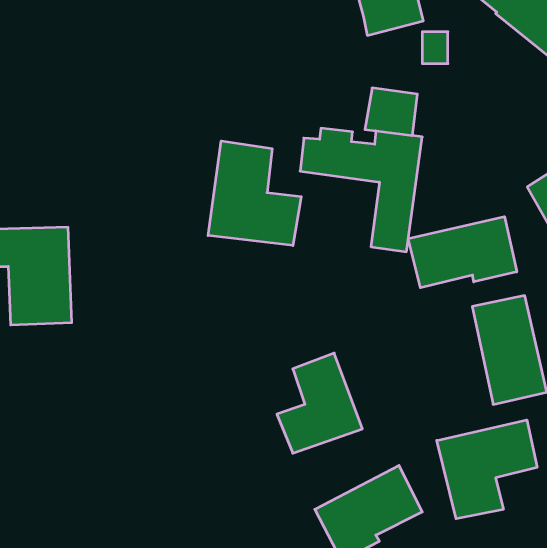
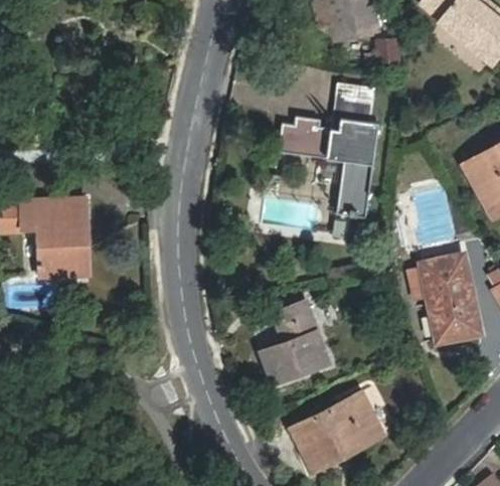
building: [208,141,301,246] -> none
building: [408,217,517,288] -> none
building: [437,420,537,519] -> none

